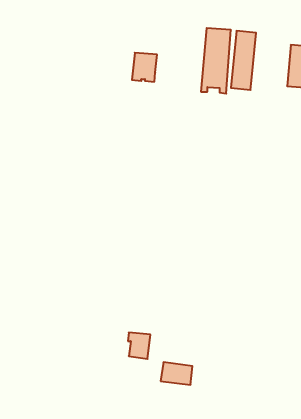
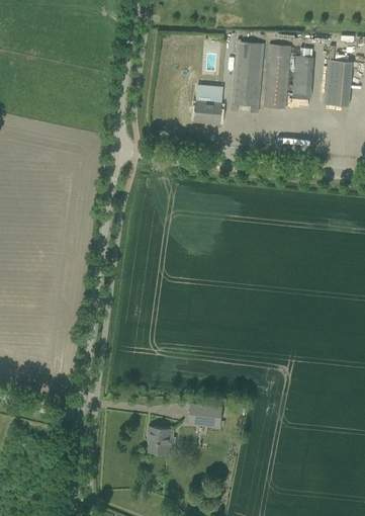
building: none -> [293,56,312,98]
building: [132,53,157,82] -> [195,92,222,123]
building: [128,333,150,359] -> [148,426,172,454]

